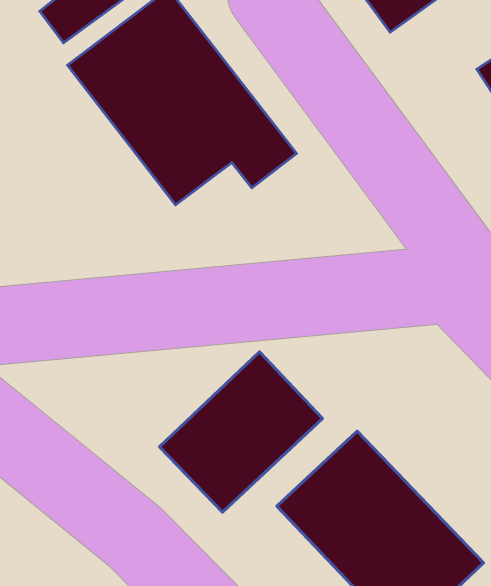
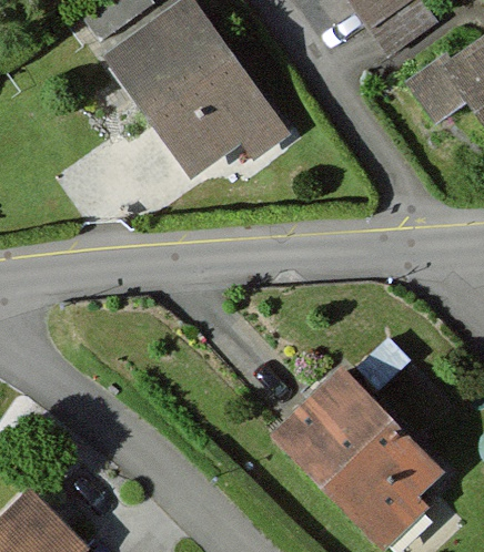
building: [159,352,323,512] -> none

